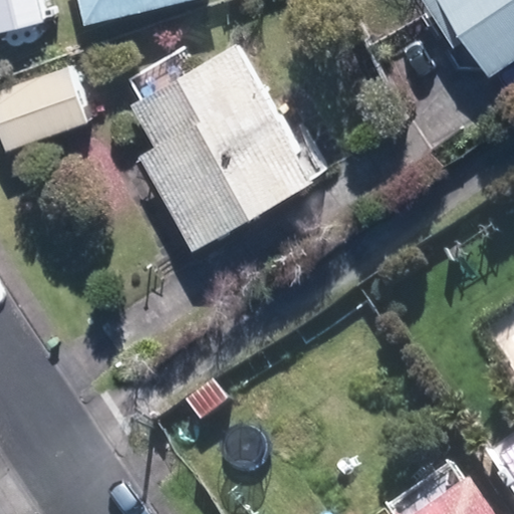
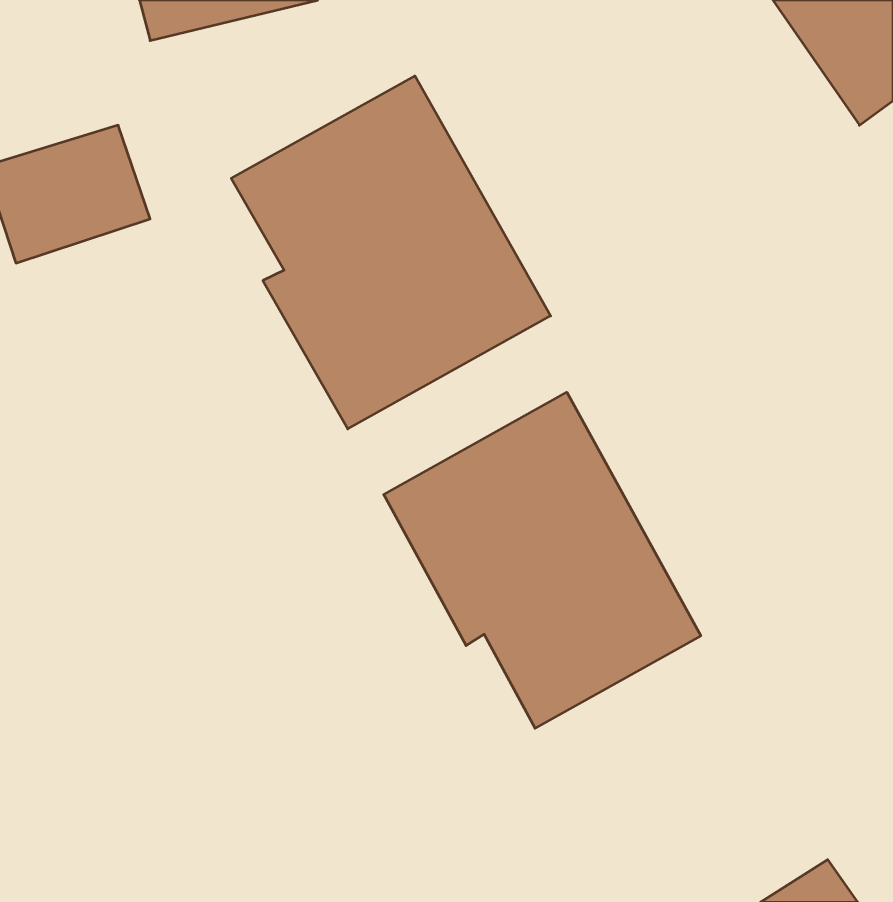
building: none -> [384,392,701,728]

